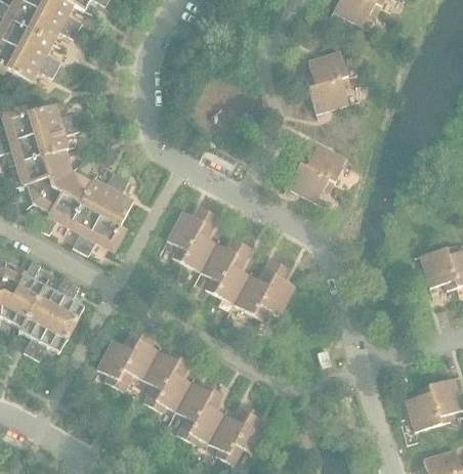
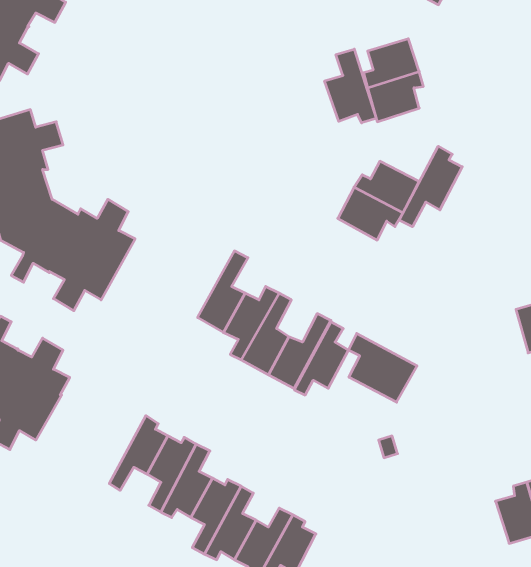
building: none -> [325,49,376,123]
building: none -> [399,146,462,227]
building: [167,205,208,261] -> none
building: none -> [349,333,417,402]
building: [96,330,141,386] -> none

